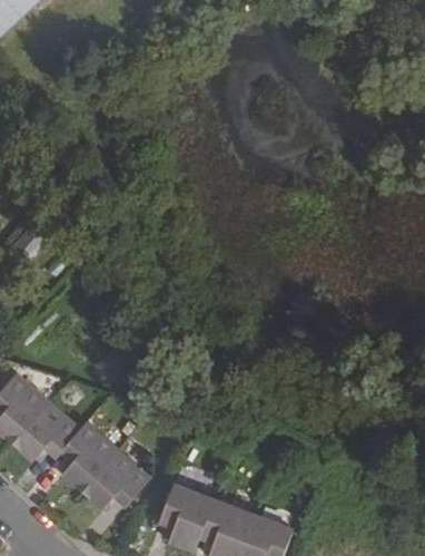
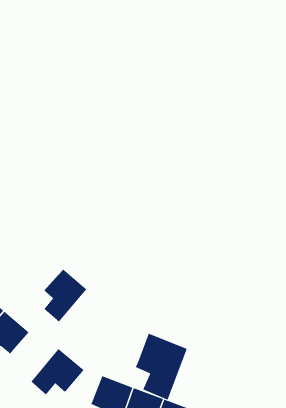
building: [61,422,117,491] -> [44,269,87,323]
building: none -> [135,333,188,400]

